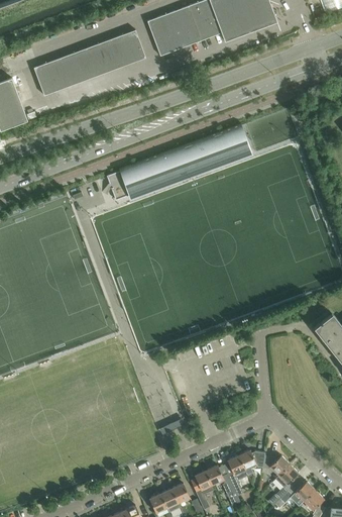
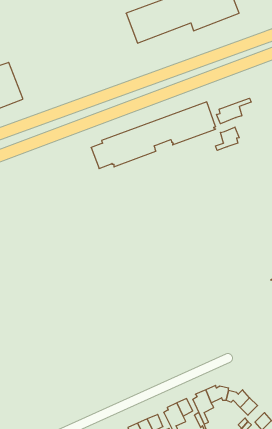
building: [34,29,145,95] -> none
building: none -> [217,98,251,124]
building: none -> [216,127,239,150]

